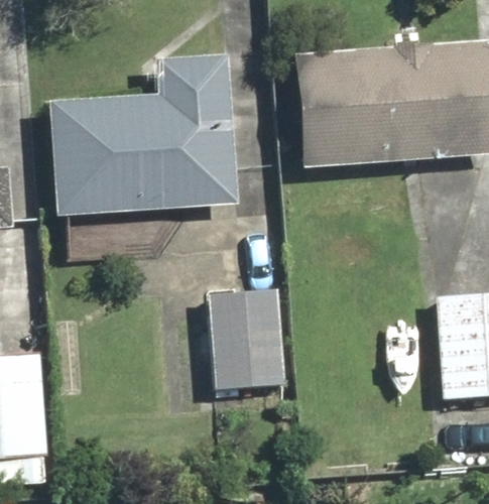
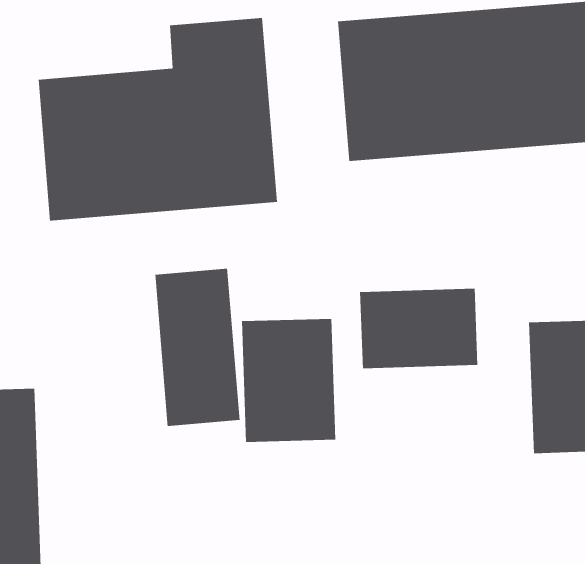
building: none -> [155,268,240,427]
building: none -> [360,288,478,369]

